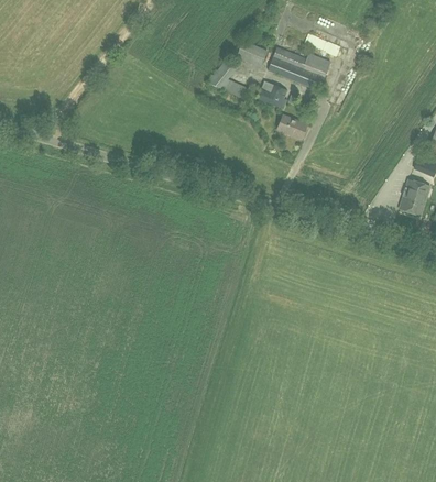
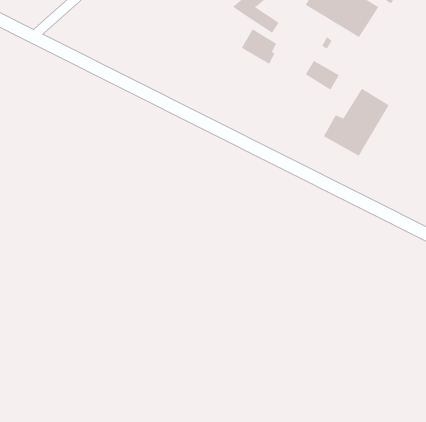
building: [257,80,286,108] -> [241,29,277,64]
building: none -> [323,88,390,157]

